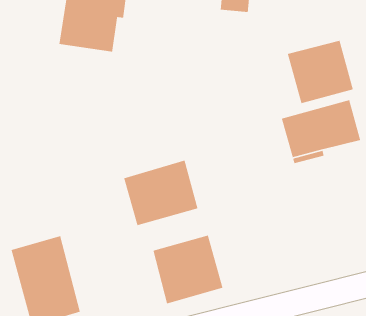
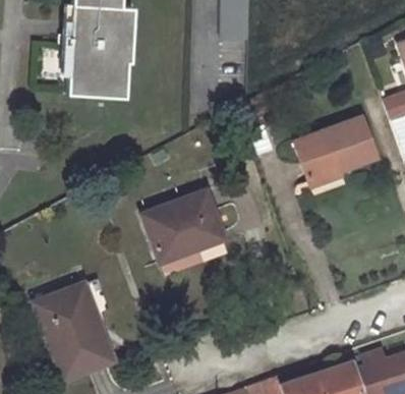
building: [287,40,354,104] -> none
building: [152,235,223,305] -> none

